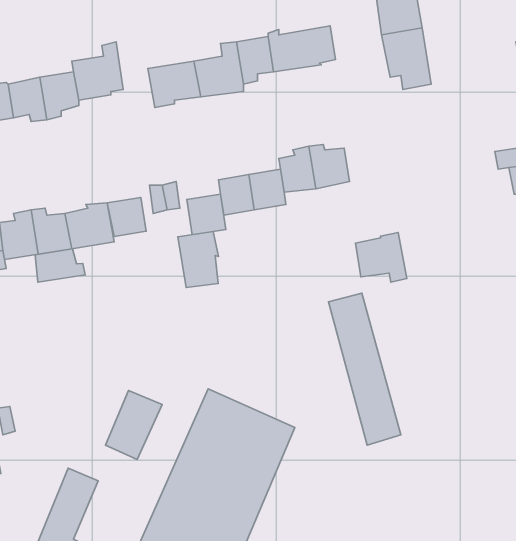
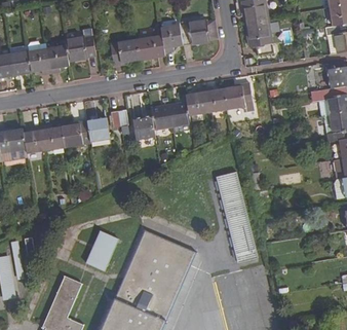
building: [178,232,219,288] -> none
building: [356,233,407,282] -> [223,83,253,112]
building: [35,249,85,282] -> none

